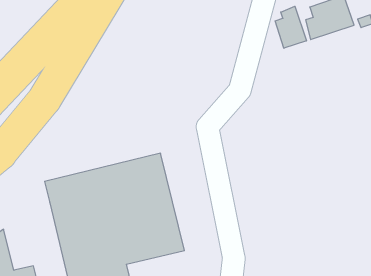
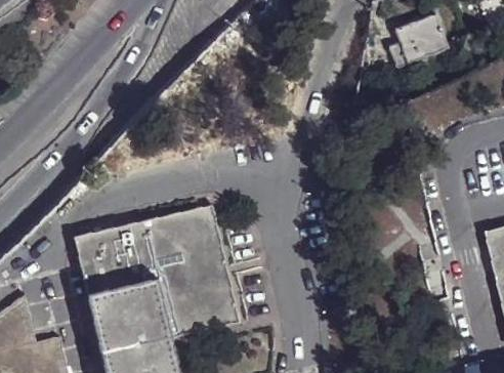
building: [275,6,306,48] -> none

